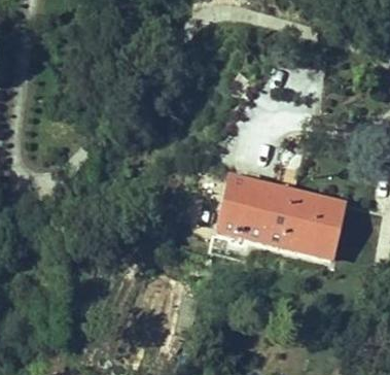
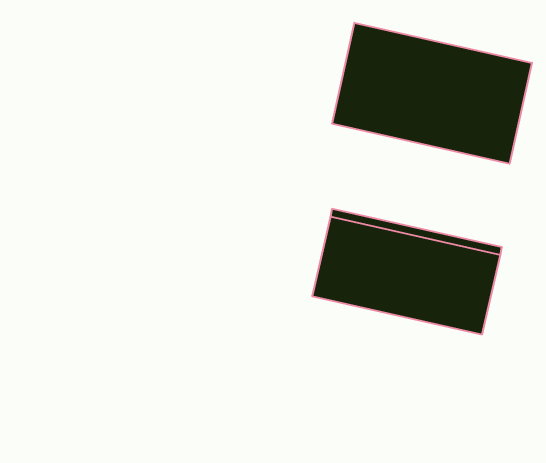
building: none -> [332,23,532,164]

